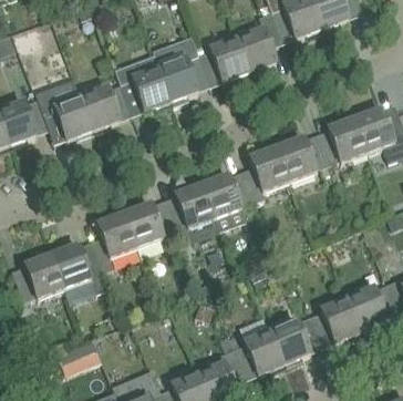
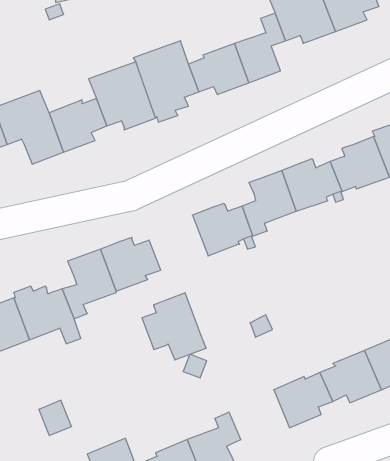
building: [165,183,219,239] -> [142,293,206,360]
building: [228,330,283,373] -> none

